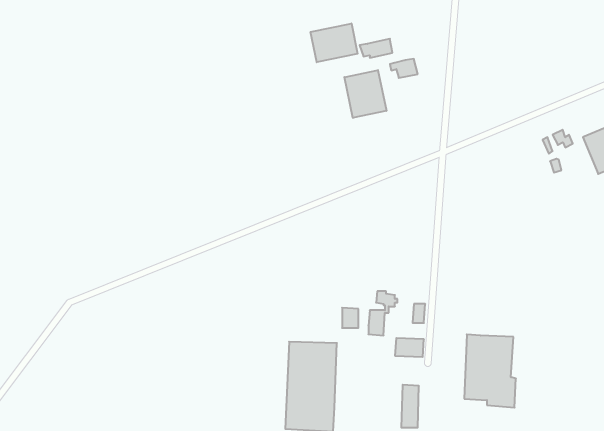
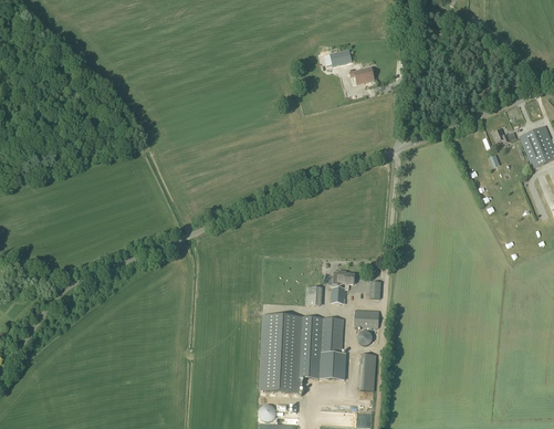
building: [311,23,358,62] -> none
building: [344,70,386,118] -> none
building: [464,334,516,408] -> [302,316,347,380]

